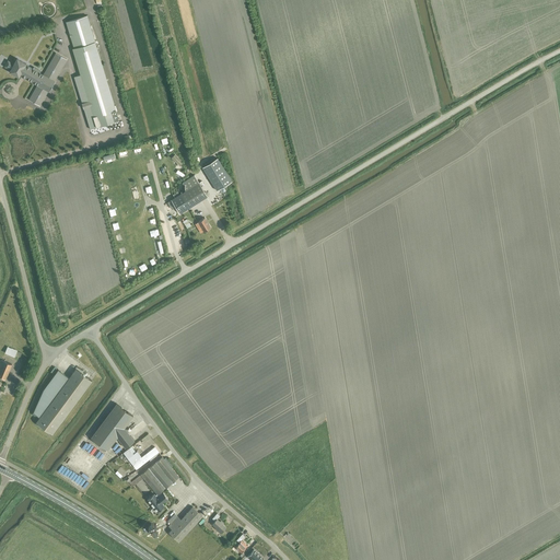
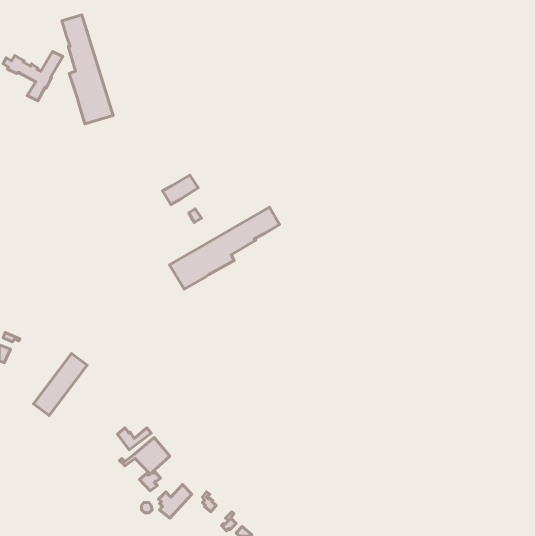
building: [201,158,231,190] -> none
building: none -> [170,207,280,289]
building: [91,402,132,450] -> none

